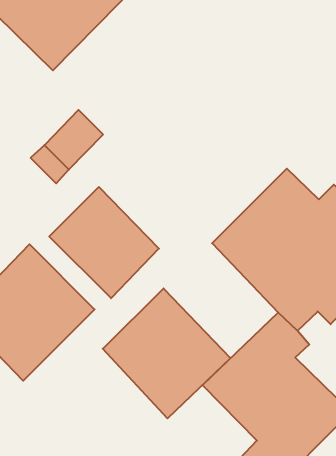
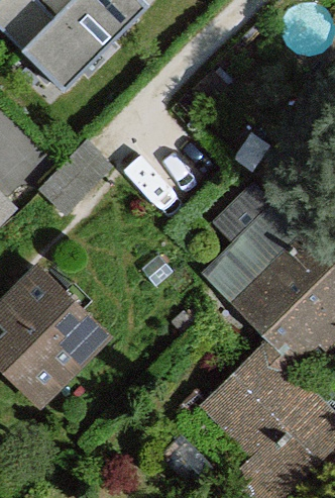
building: [49,187,159,298] -> none
building: [103,288,230,418] -> none

